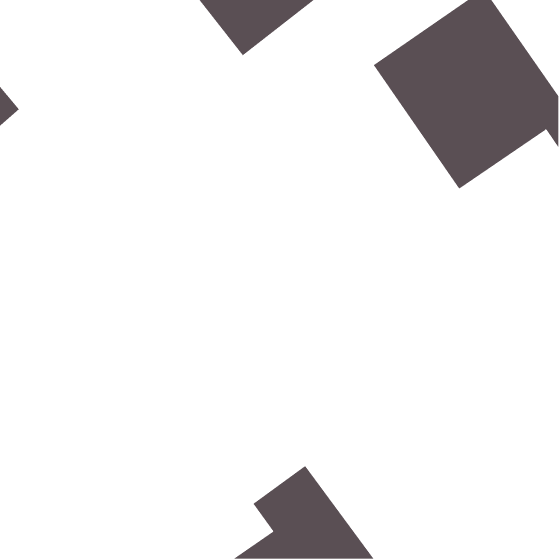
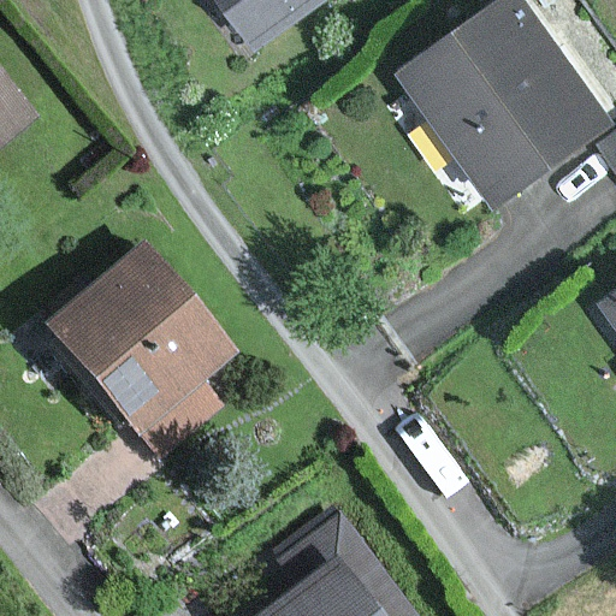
building: none -> [35,241,229,457]

